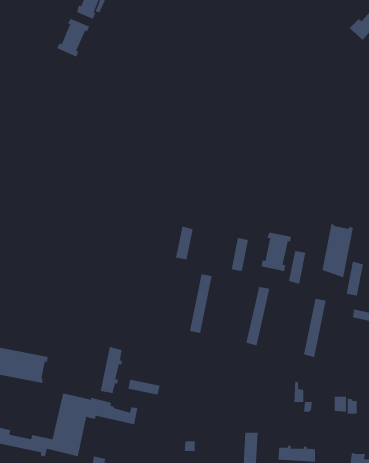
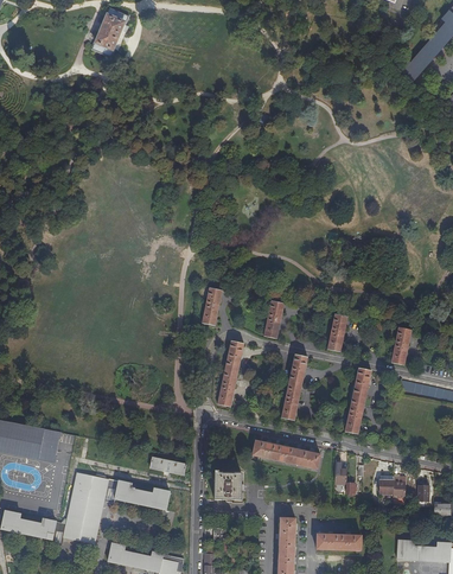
building: [56,18,90,58] -> none
building: [322,223,353,278] -> none
building: [261,232,292,272] -> none
building: [100,346,123,394] -> none
building: none -> [251,439,319,470]
building: none -> [213,470,241,500]

